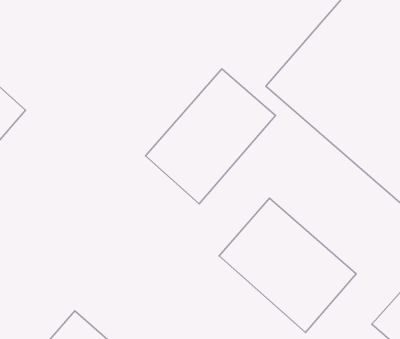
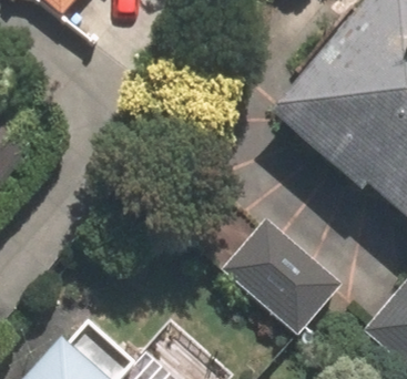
building: [146,69,275,204] -> none

